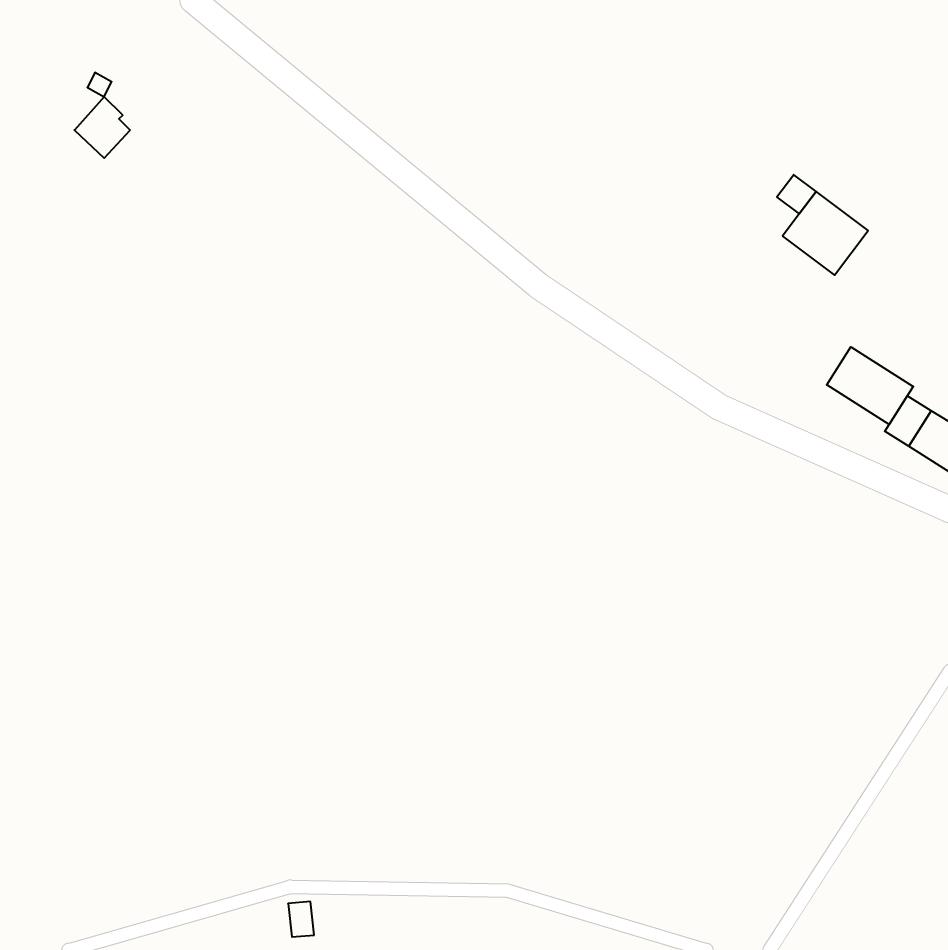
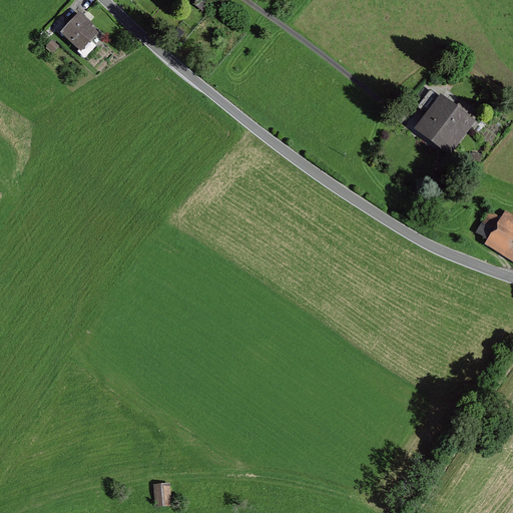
building: [74,97,130,158] -> [65,16,95,49]
building: [827,347,913,424] -> none

